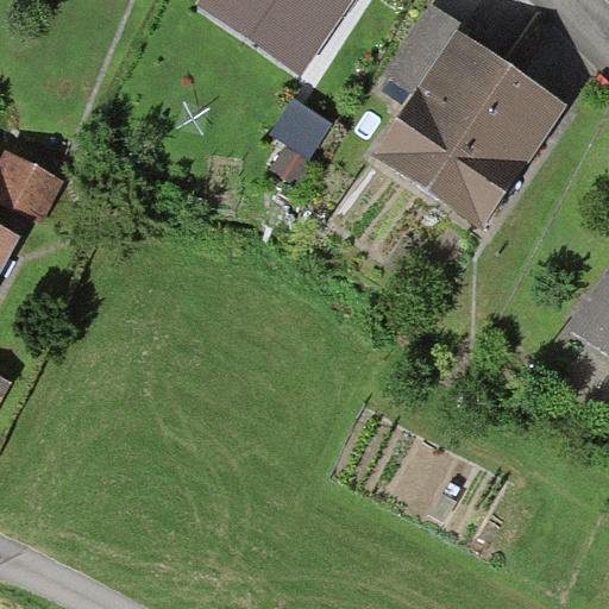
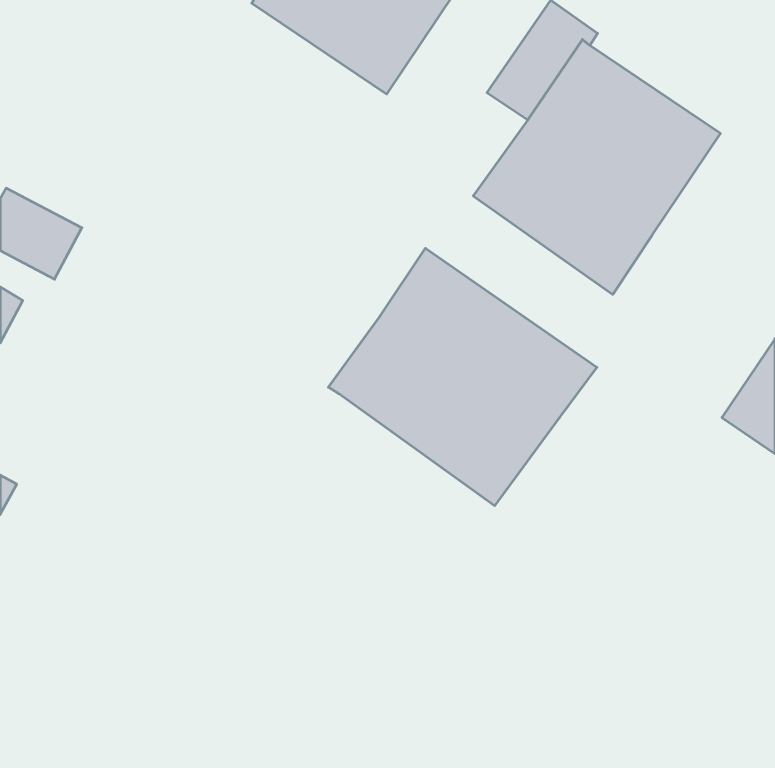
building: none -> [328,248,597,506]

